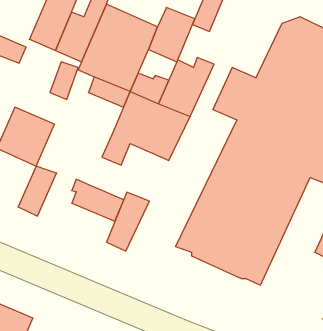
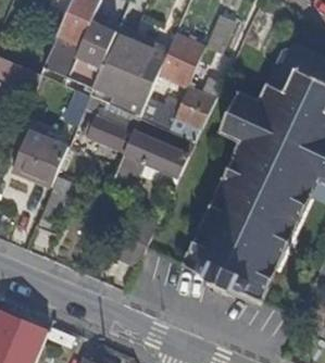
building: [72,179,124,221] -> [83,111,133,151]

